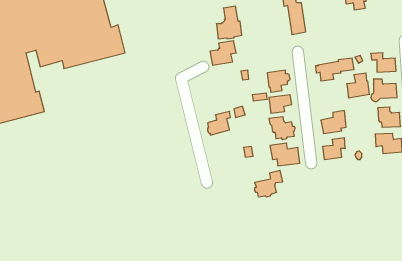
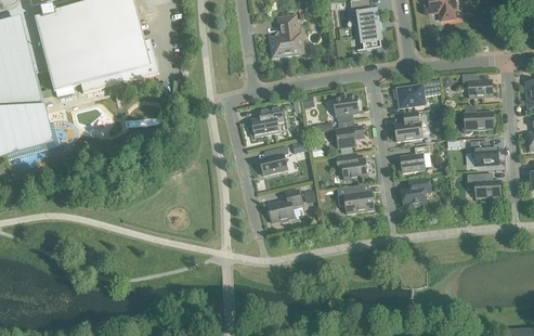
building: [210,41,236,65] -> [251,105,284,135]
building: [347,73,370,98] -> [394,111,422,141]
building: [255,170,283,197] -> [268,189,302,221]

